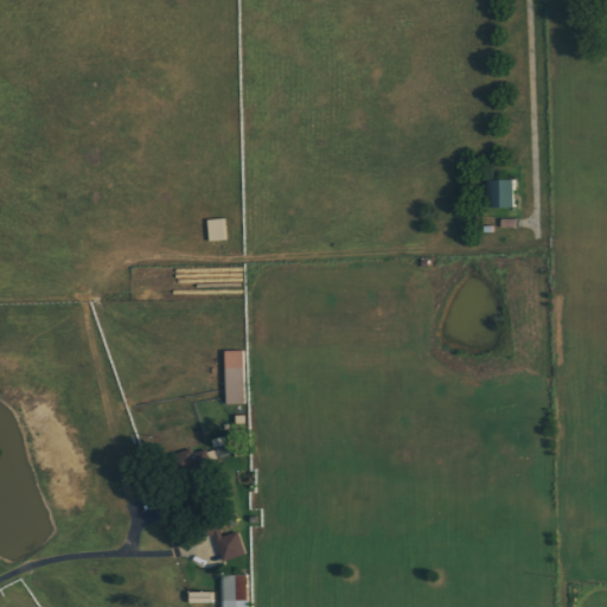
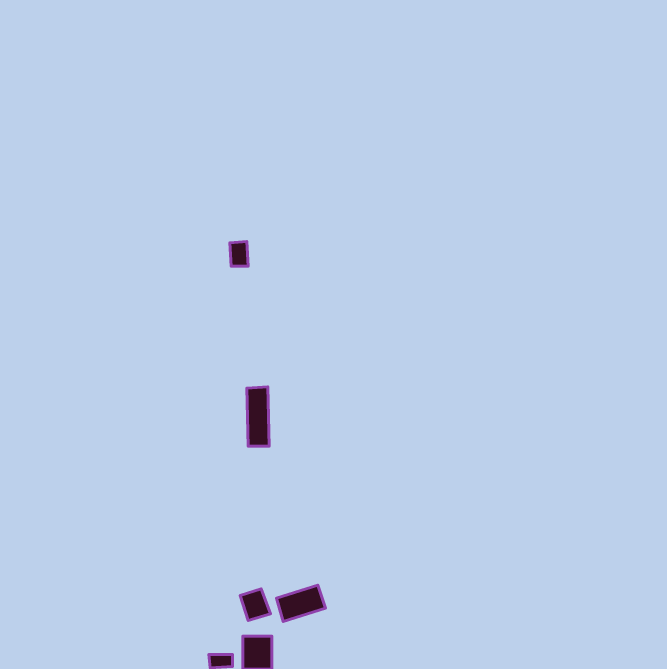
building: [485,180,513,207] -> none
building: none -> [277,585,325,621]

